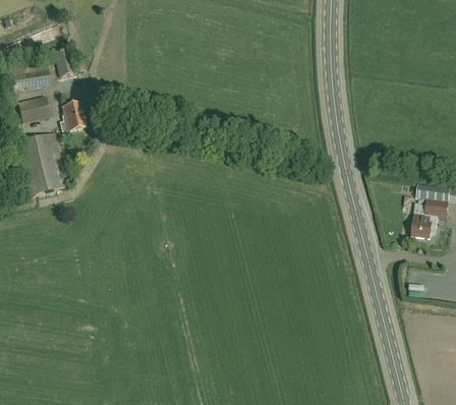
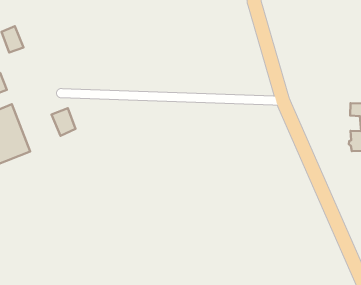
building: [62,102,86,130] -> [52,108,75,136]

